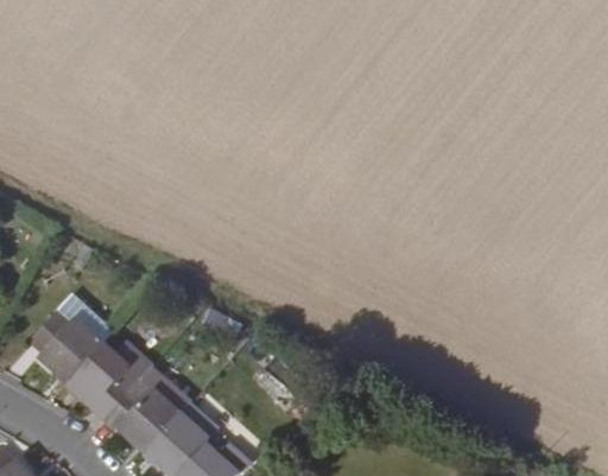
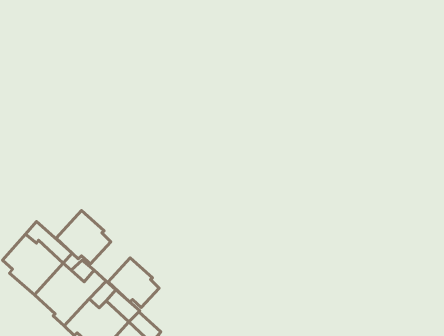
building: none -> [56,210,111,264]
building: none -> [108,258,159,307]

